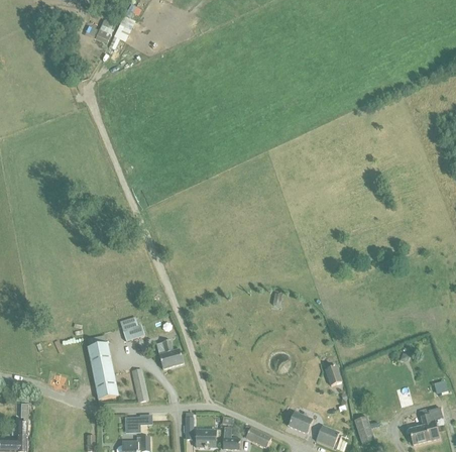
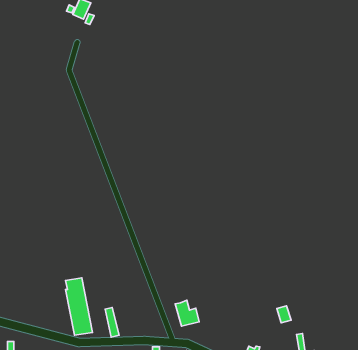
building: [120,316,144,340] -> none
building: [155,339,183,368] -> [175,300,199,326]

